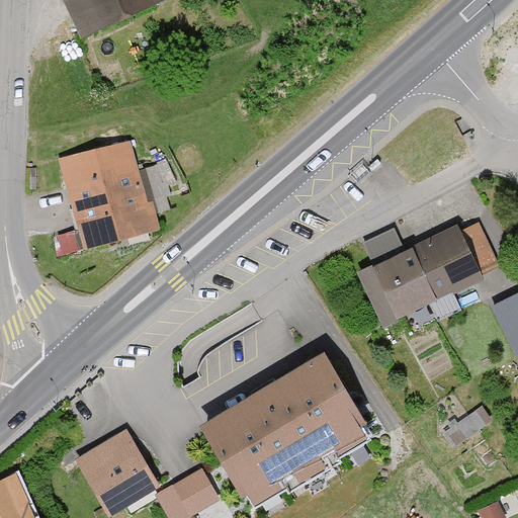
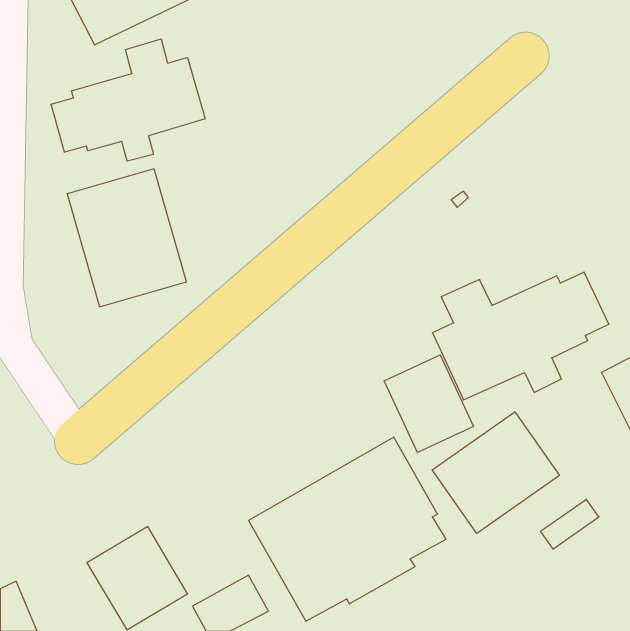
building: none -> [51,39,205,161]
building: none -> [384,355,473,452]
building: none -> [432,412,559,533]

